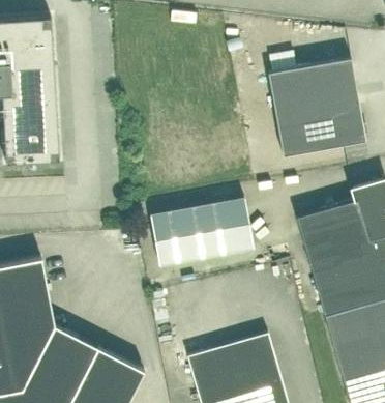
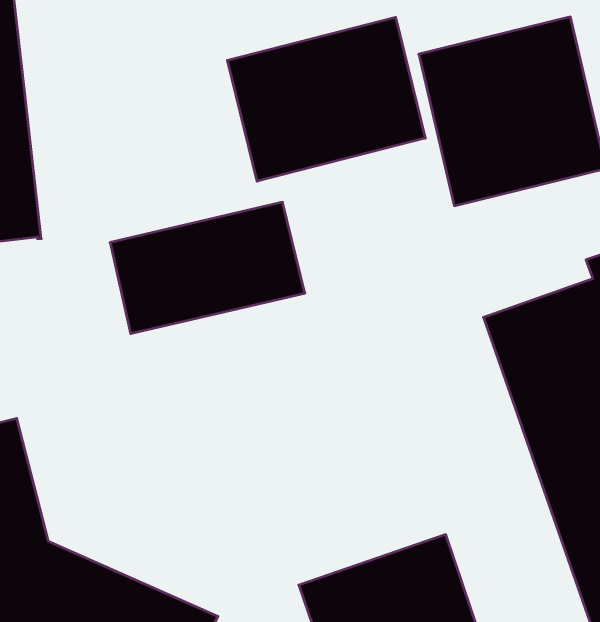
building: none -> [227,17,425,181]
building: [151,198,255,264] -> [110,202,305,334]

